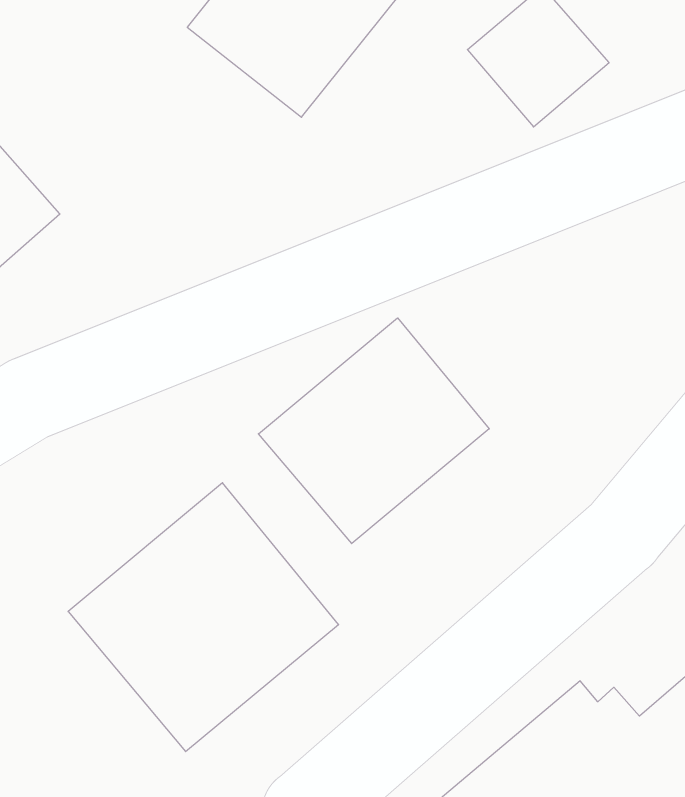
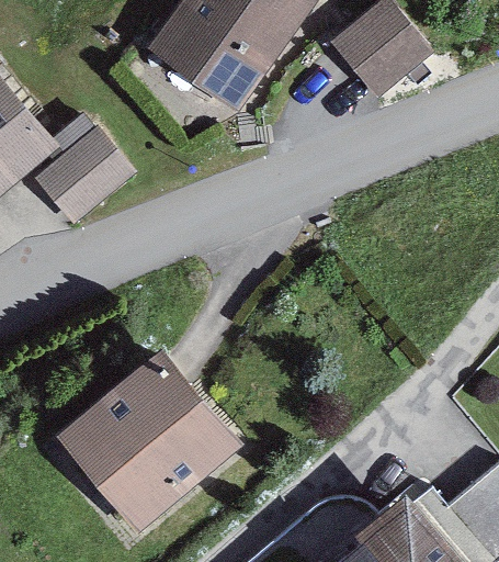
building: none -> [34,133,135,232]
building: [258,318,489,544] -> none

